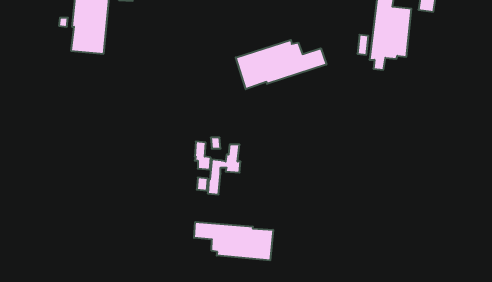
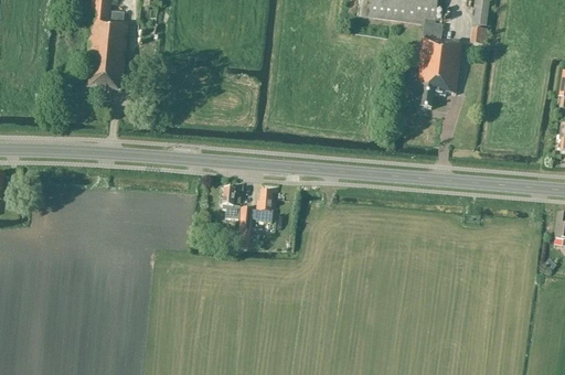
building: [236,40,326,89] -> none
building: [194,222,273,260] -> none

